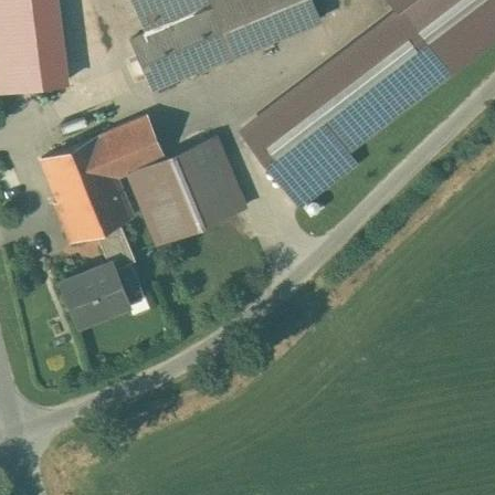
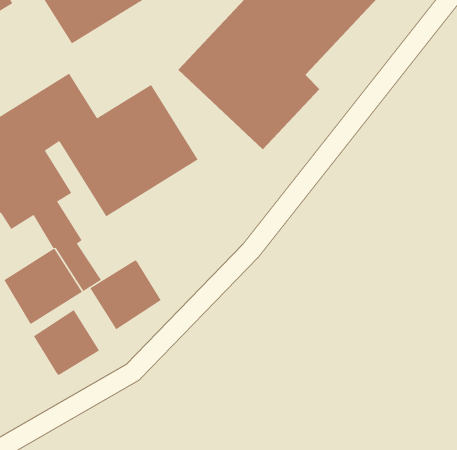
building: none -> [89,260,162,330]
building: none -> [33,309,100,376]

